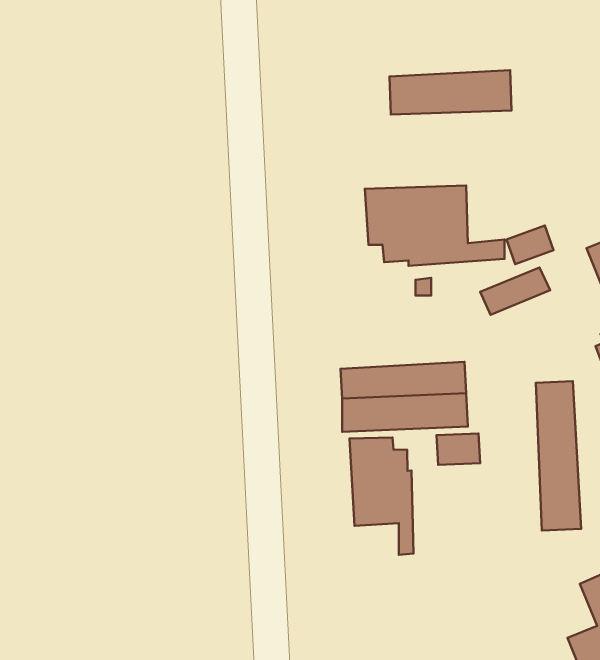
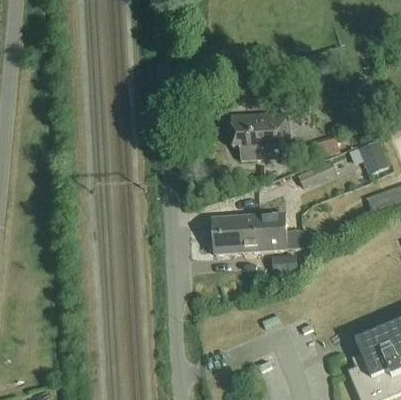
building: [390,70,511,115] -> none
building: [536,381,581,530] -> none
building: [350,438,414,555] -> none

